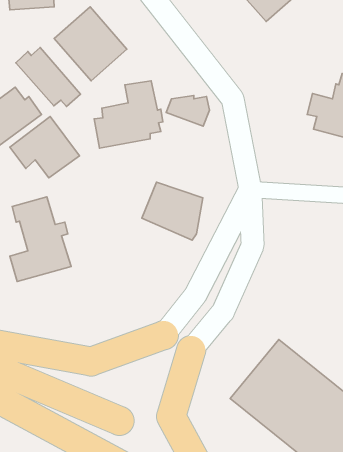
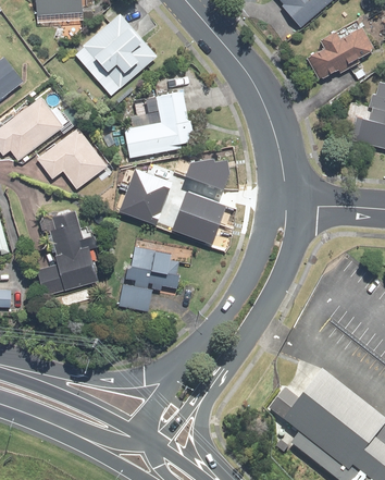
building: none -> [306,19,374,81]
building: [16,48,81,106] -> none
building: [166,96,210,126] -> [185,159,229,190]
building: none -> [119,169,171,225]
building: none -> [117,238,194,311]

